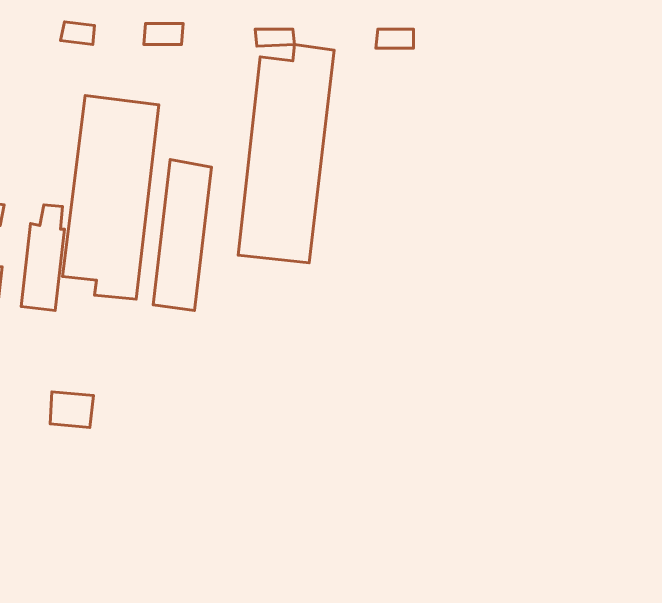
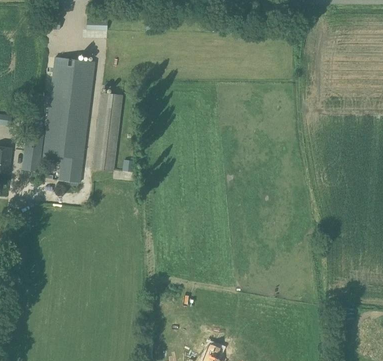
building: [238,44,334,263] -> none
building: [50,392,94,428] -> [60,163,83,182]

